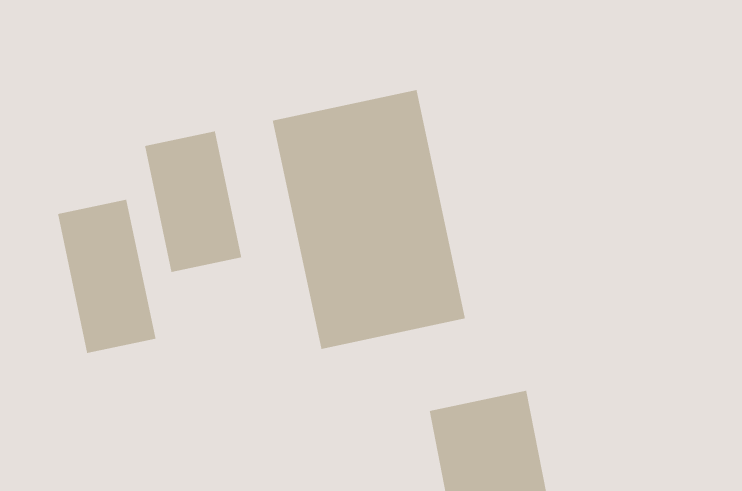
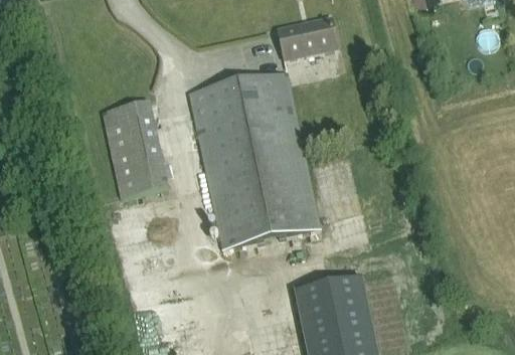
building: none -> [277,19,338,61]
building: [57,199,156,354] -> none

